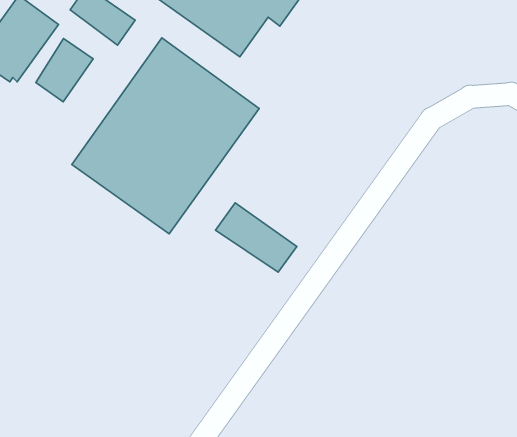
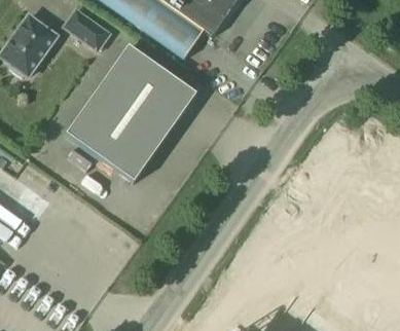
building: [36,38,93,102] -> none
building: [216,203,297,272] -> none

